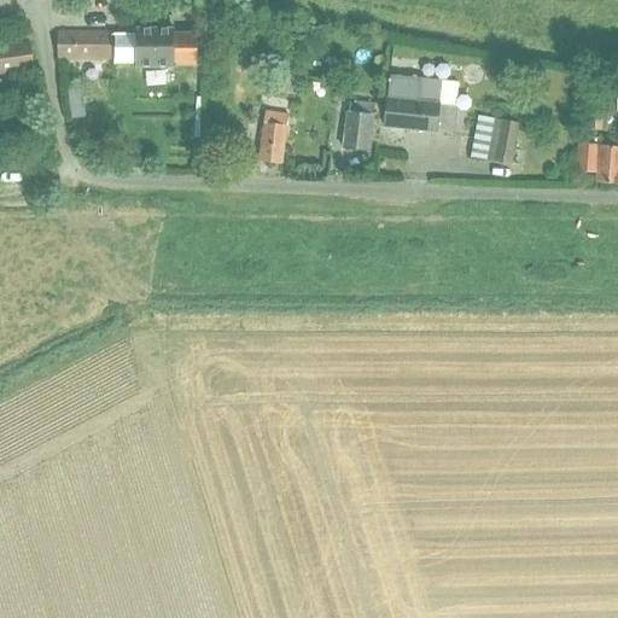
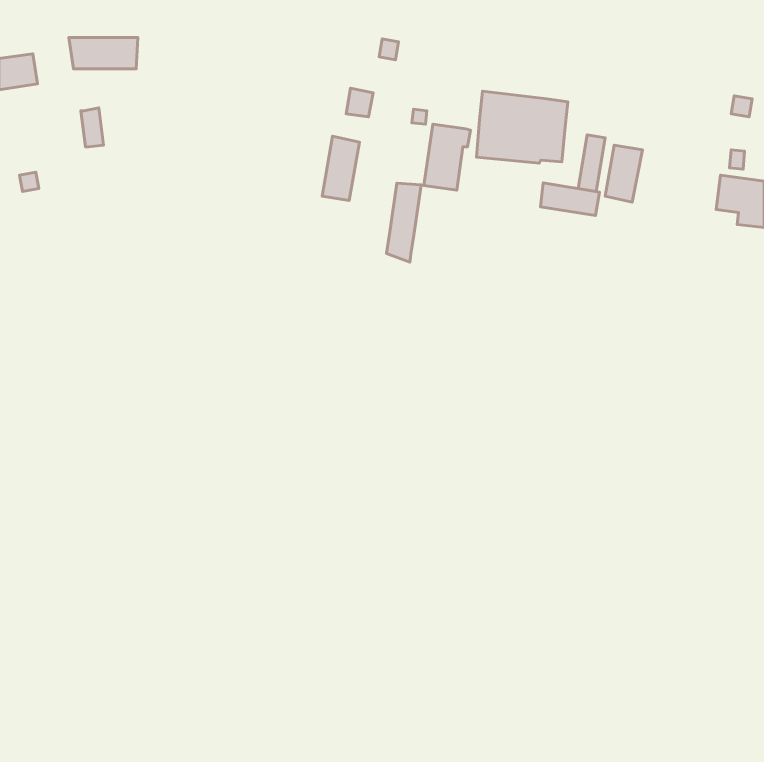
building: [112,27,194,66] -> none
building: none -> [540,183,600,216]
building: none -> [387,183,421,262]

